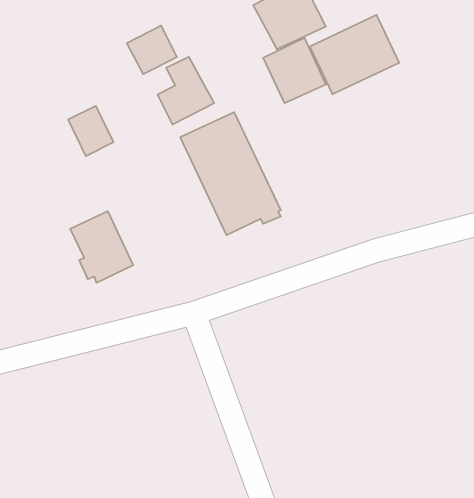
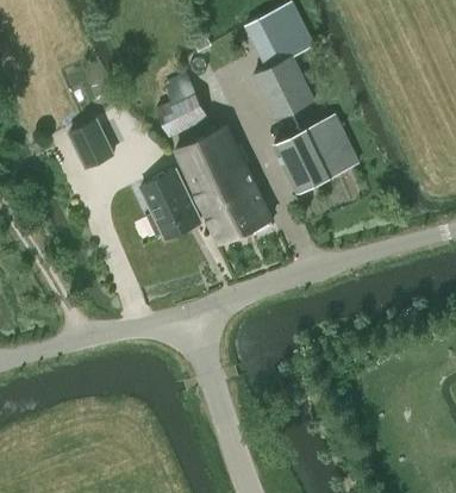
building: [310,15,399,94] -> [275,117,360,192]
building: [127,25,177,74] -> none
building: [70,211,133,283] -> [140,170,200,238]

